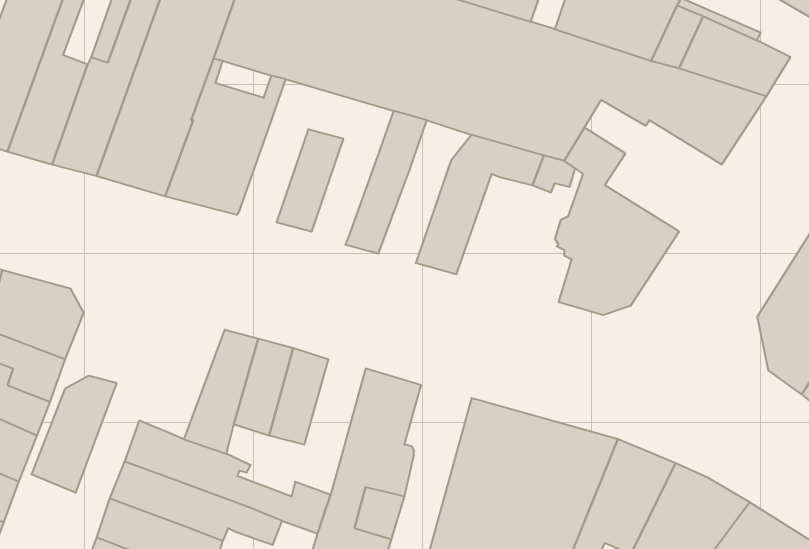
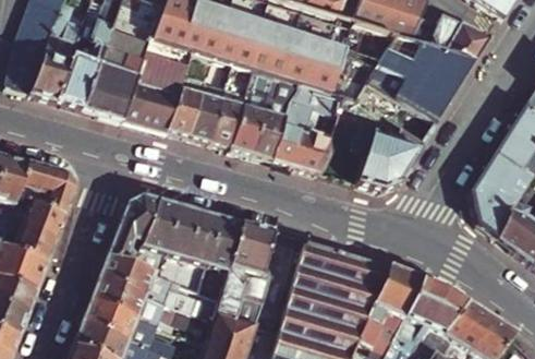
building: none -> [369,63,450,122]
building: none -> [167,73,207,135]
building: none -> [248,75,303,159]
building: none -> [209,85,250,146]
building: none -> [294,107,333,173]
building: none -> [205,216,241,273]
building: [31,376,117,493] -> [108,194,158,263]

